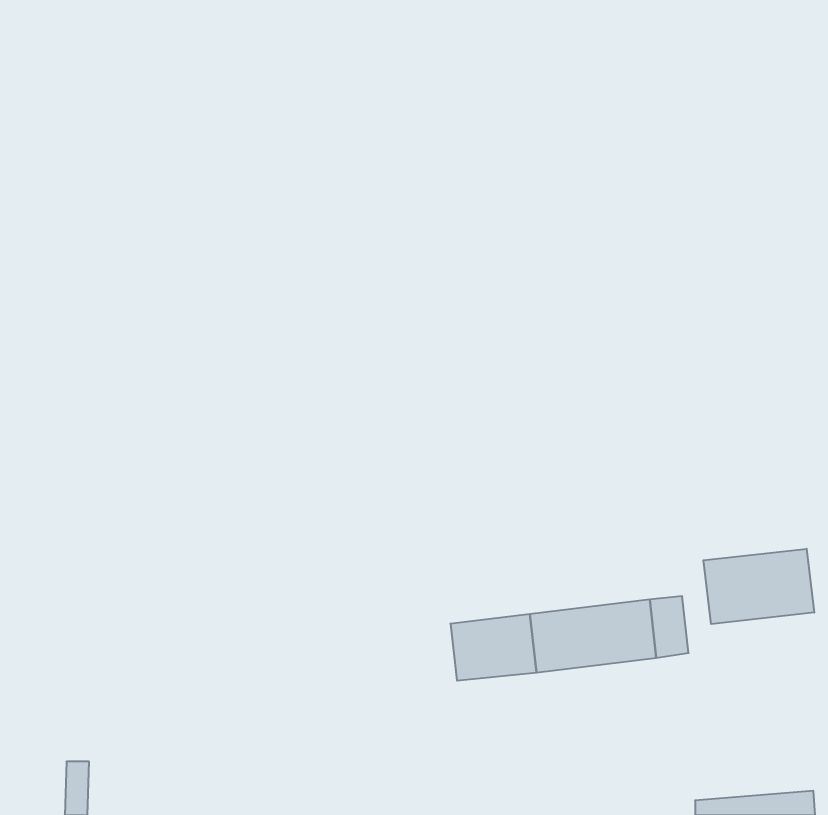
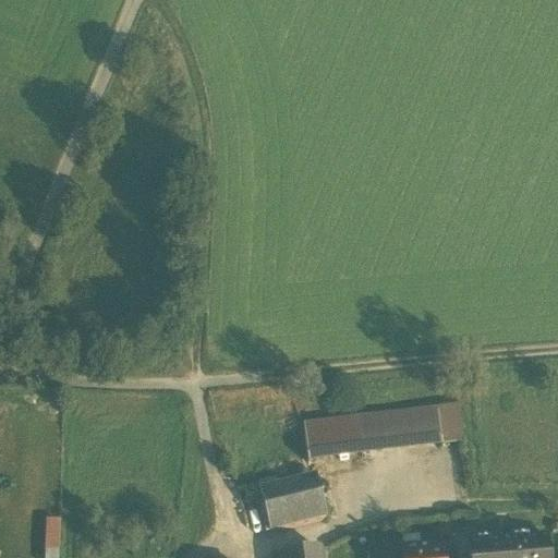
building: [703,549,814,624] -> none
building: none -> [258,469,326,527]

